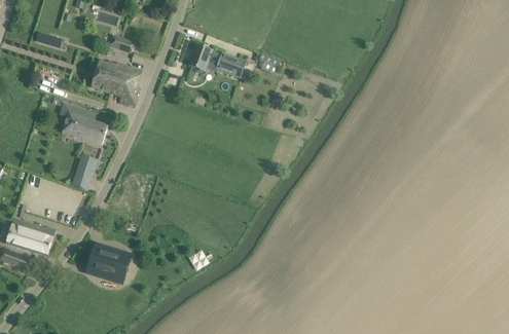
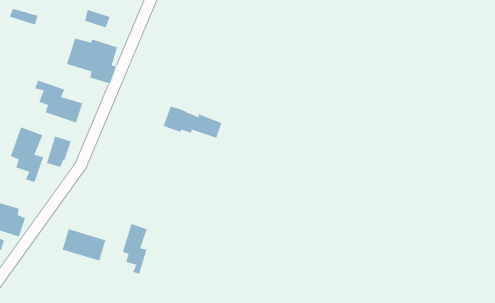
building: [187,45,245,77] -> [163,106,222,139]
building: none -> [10,127,44,183]
building: none -> [122,223,147,275]

